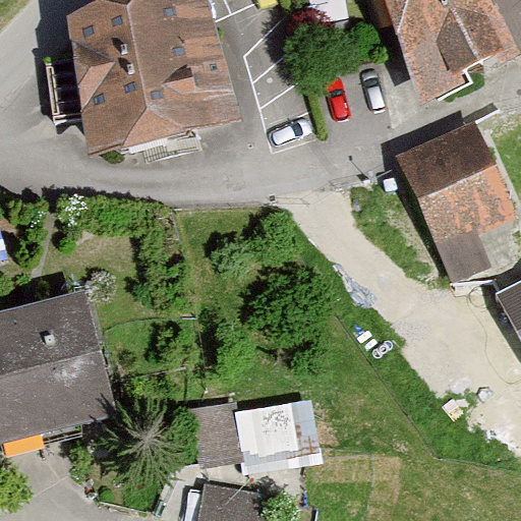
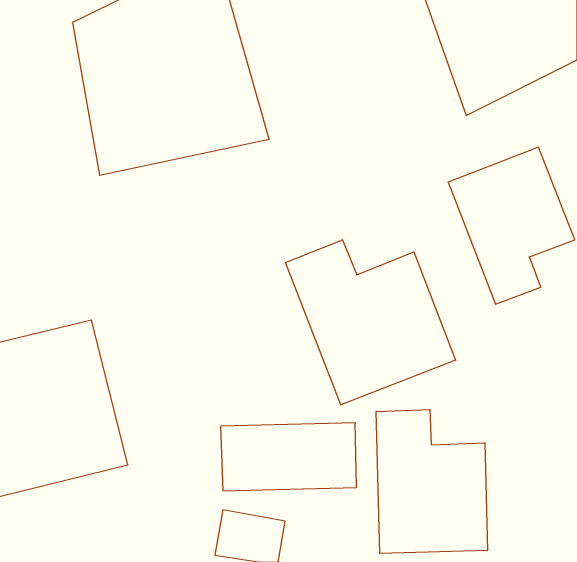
building: none -> [285,240,456,405]
building: none -> [376,410,487,553]

